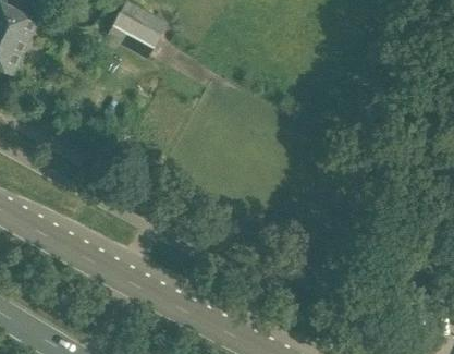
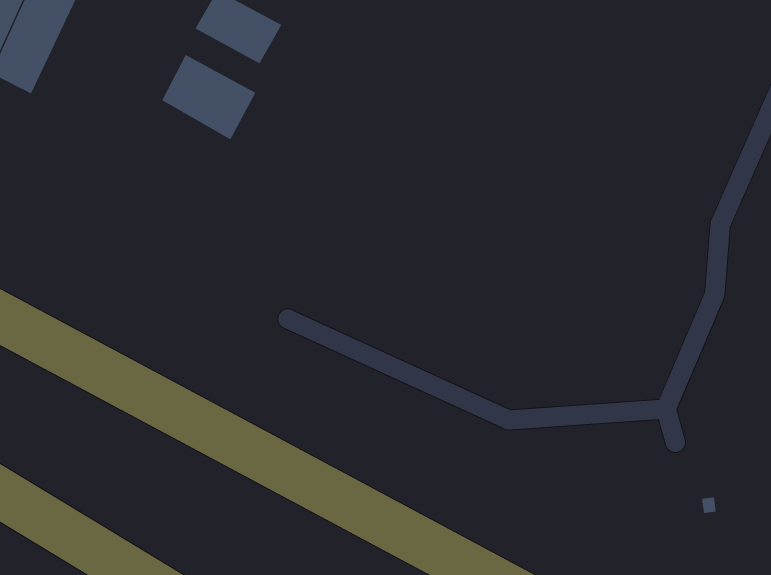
building: none -> [161,54,256,140]

